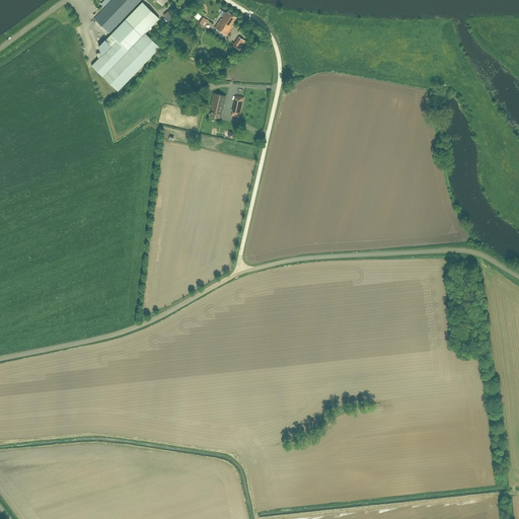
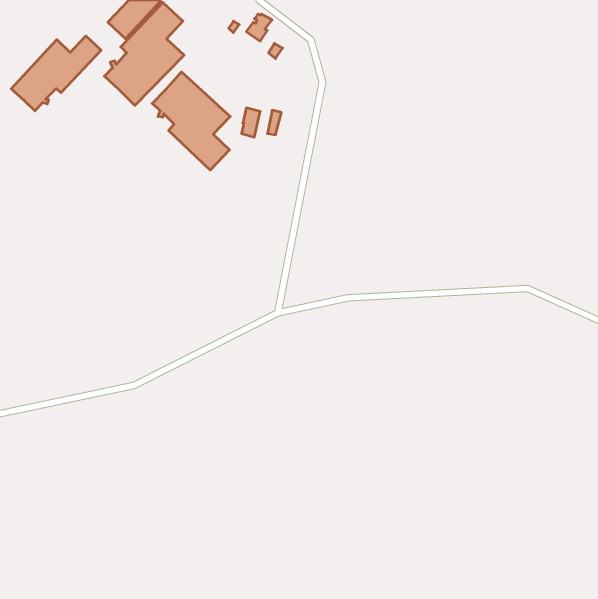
building: none -> [11,36,101,111]
building: none -> [152,72,230,170]

